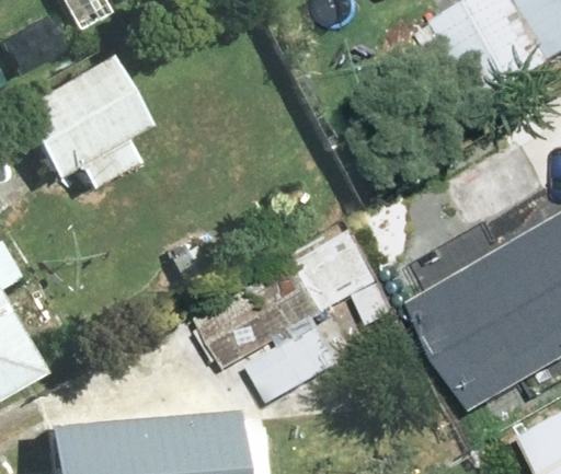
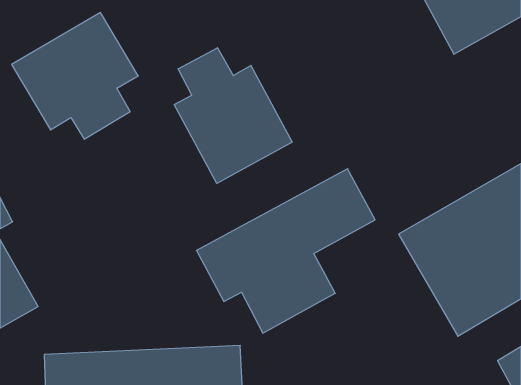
building: none -> [174,48,292,183]

